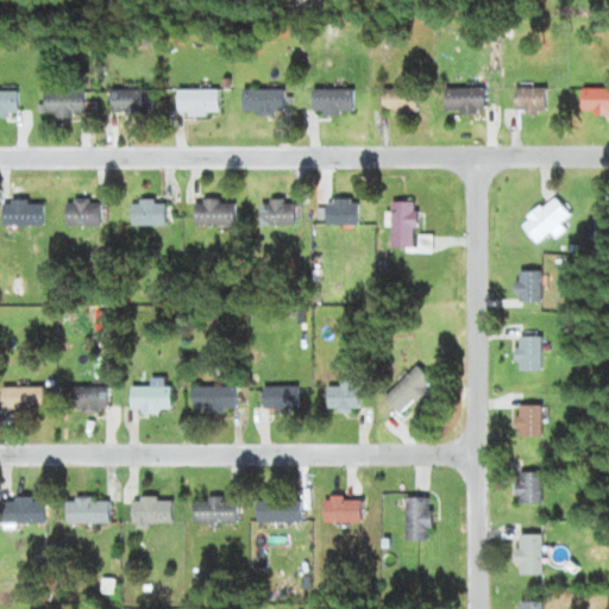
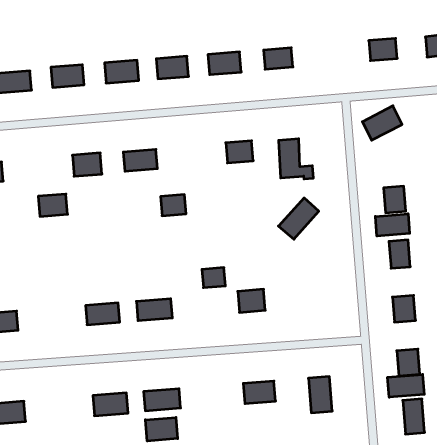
building: [441,88,482,113] -> none
building: [519,199,567,239] -> [362,106,402,140]
building: [68,201,102,226] -> [38,194,68,216]
building: [263,201,293,225] -> [161,195,186,216]
building: none -> [375,214,410,236]
building: [381,366,432,416] -> [278,198,319,239]
building: [70,387,111,410] -> none
building: [268,387,295,409] -> [202,268,225,288]
building: [69,498,112,523] -> none
building: [262,500,297,522] -> none
building: none -> [388,374,424,397]
building: none -> [145,417,178,441]

